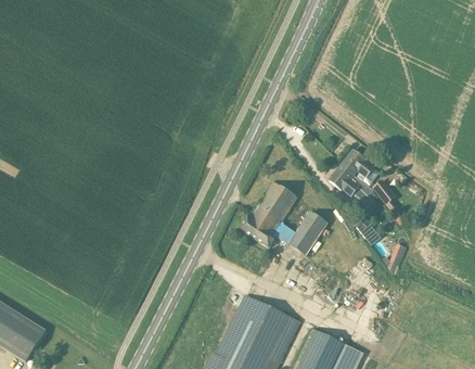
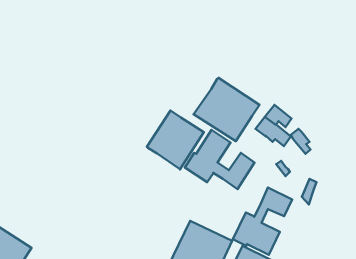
building: none -> [194,78,260,141]
building: none -> [147,111,204,169]
building: none -> [233,188,292,255]

